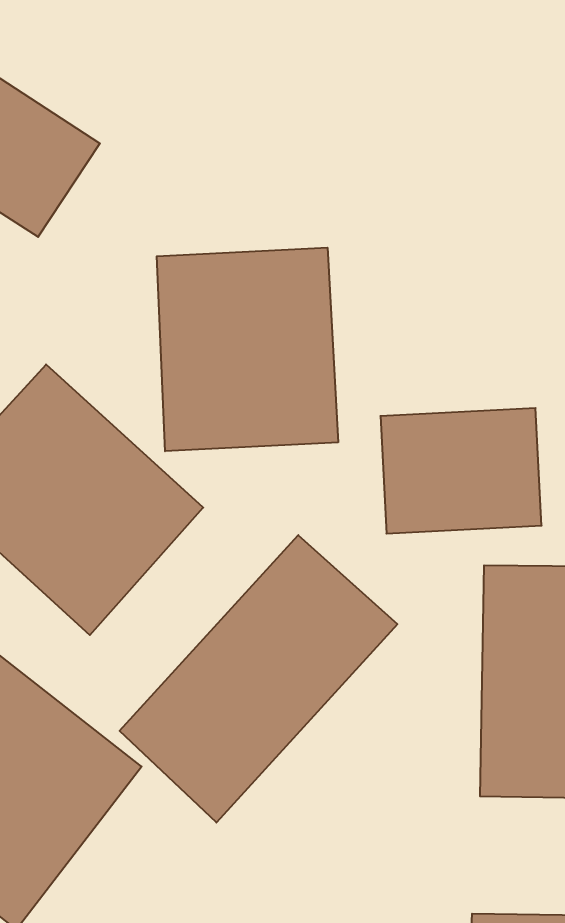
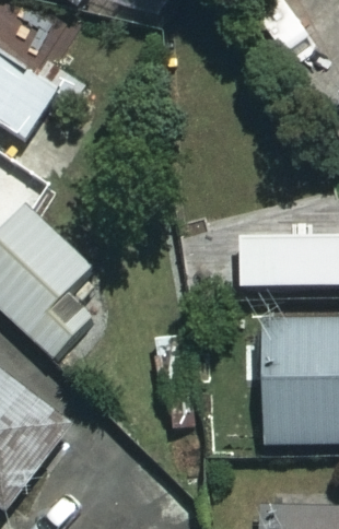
building: [157,248,338,451] -> none
building: [120,535,397,823] -> none

